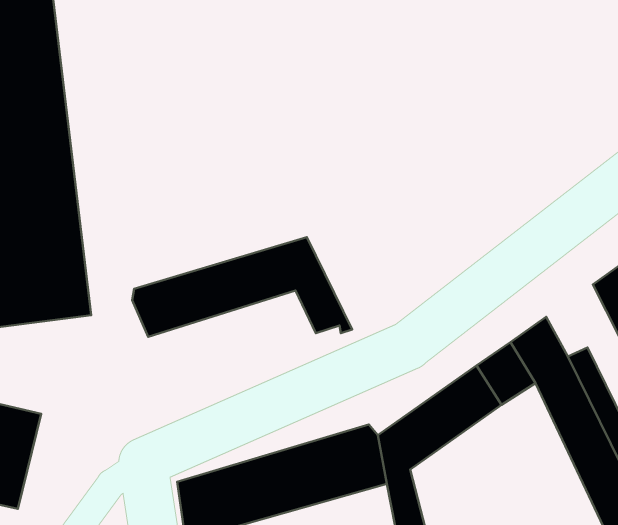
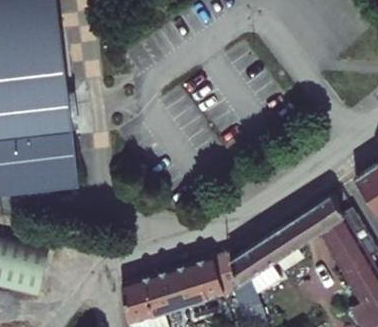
building: [132,237,352,337] -> none

